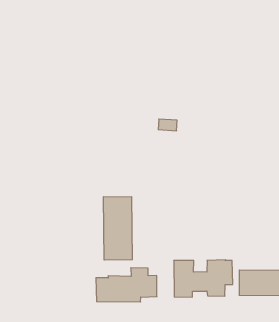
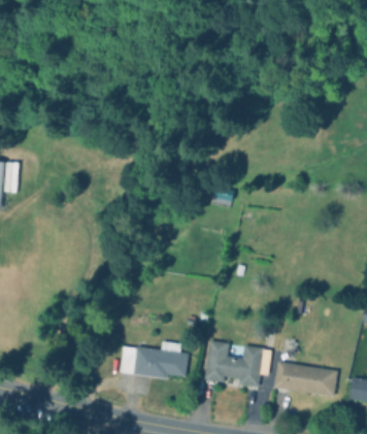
building: [104,197,132,260] -> none

